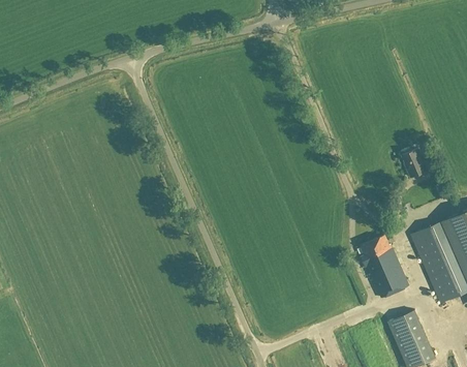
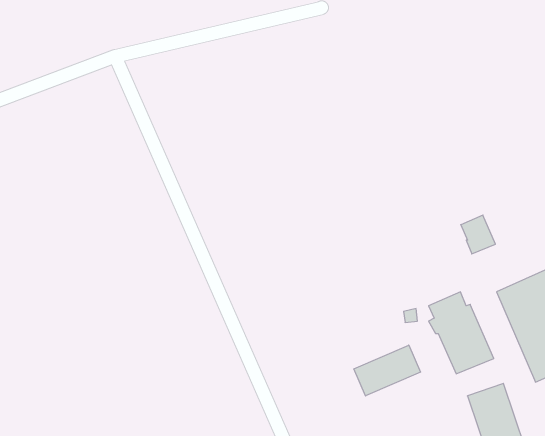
building: [401,150,427,179] -> [461,215,495,254]
building: none -> [354,345,420,396]

